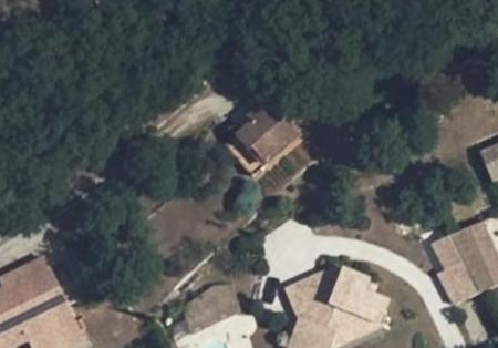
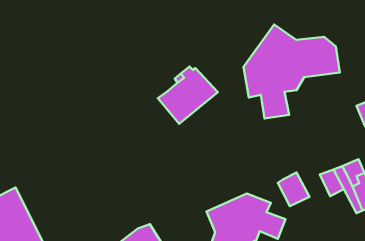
building: none -> [244,25,340,119]
building: [440,258,481,301] -> [278,173,309,206]

